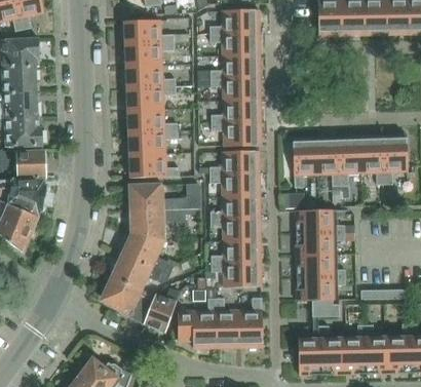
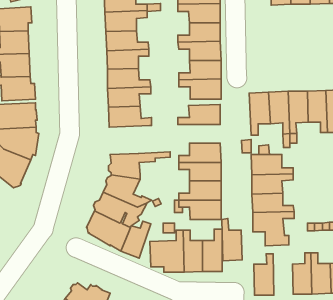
building: [209,176,259,197] -> none
building: [129,184,200,210] -> none
building: [320,325,344,375] -> [222,219,242,261]

